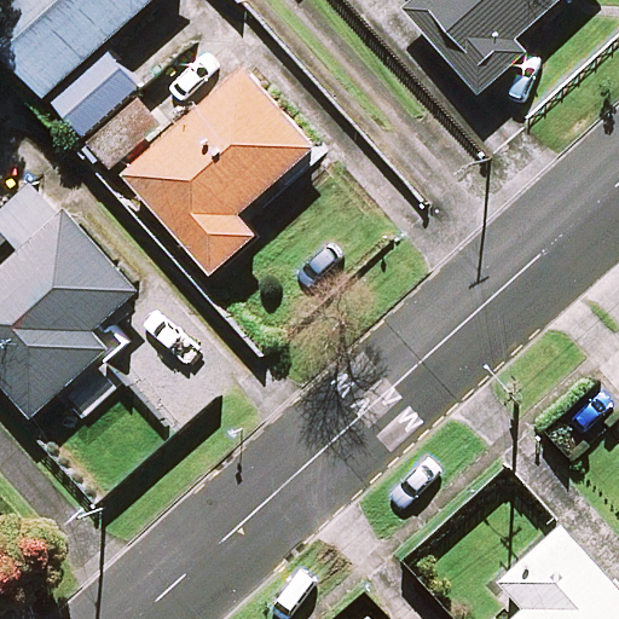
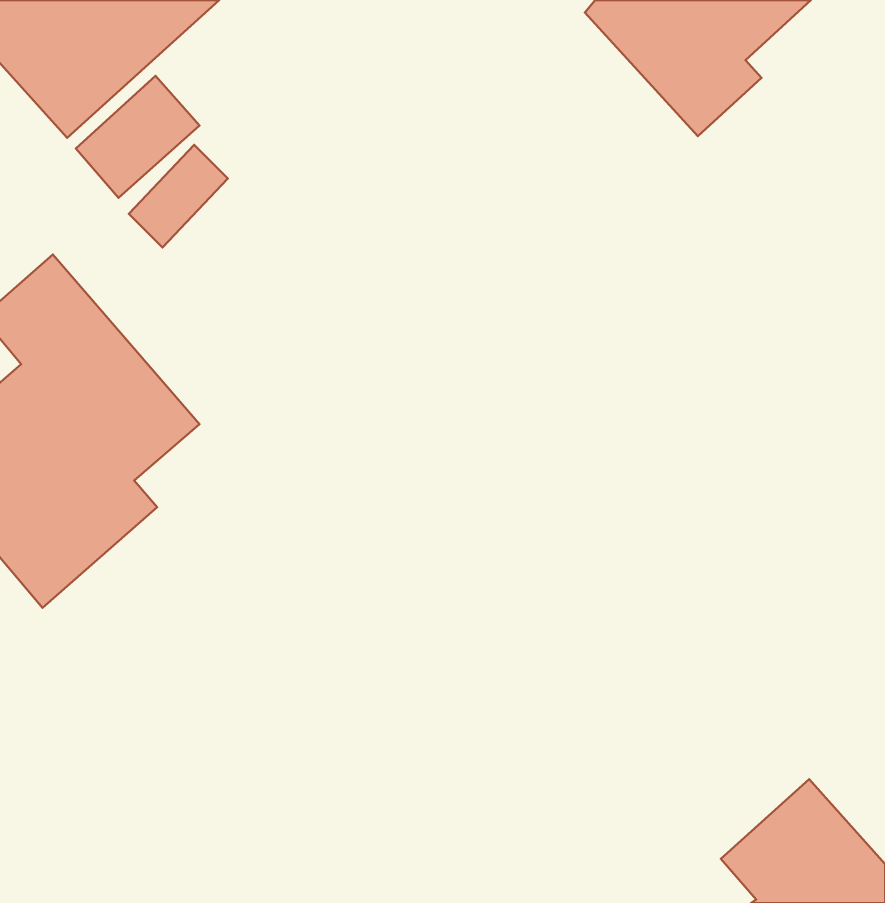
building: [115,68,312,272] -> none

